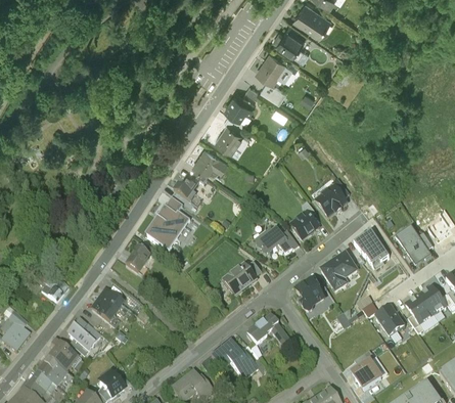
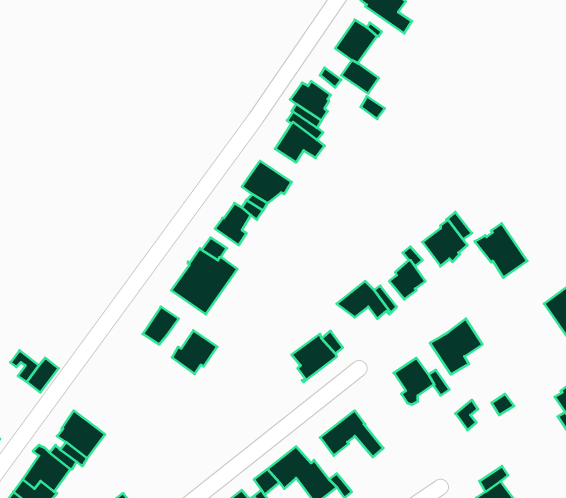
building: [354,230,390,267] -> [475,223,527,278]
building: [92,287,123,317] -> [172,330,217,374]
building: [375,306,406,337] -> none

